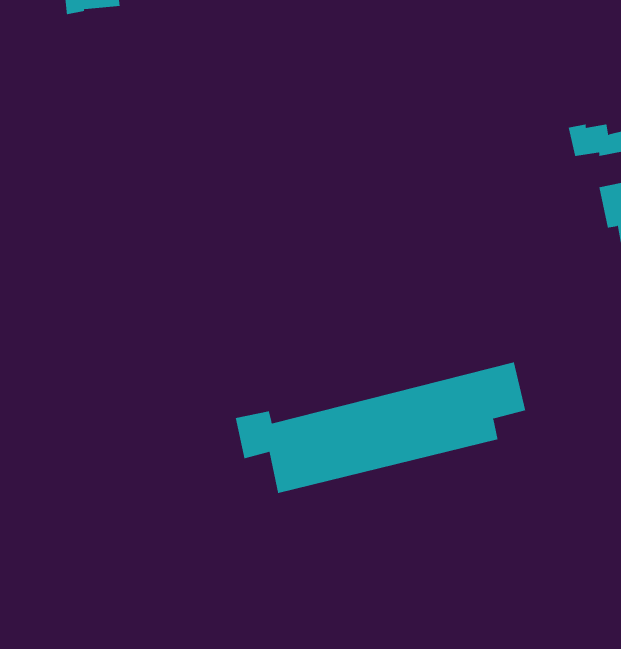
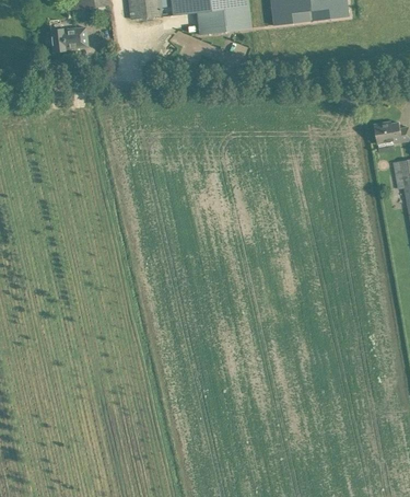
building: [235,361,526,494] -> none

